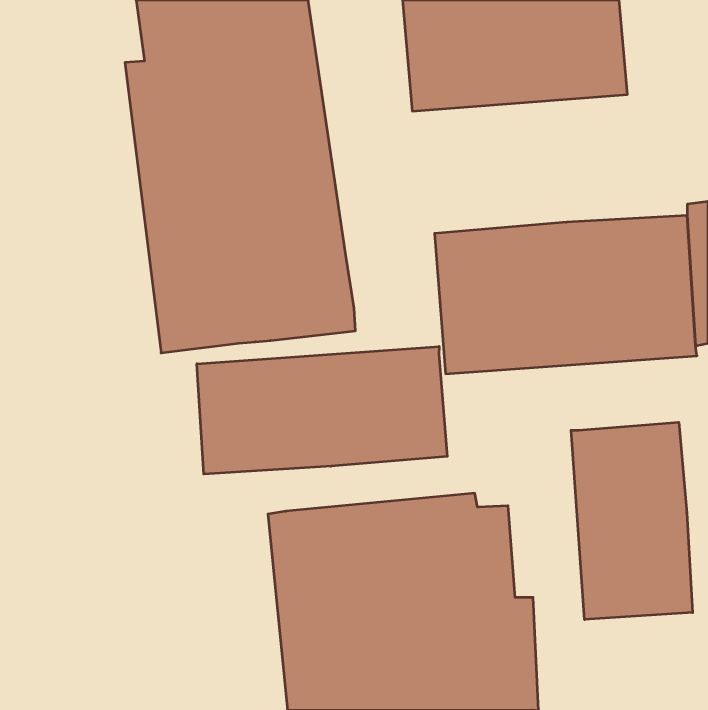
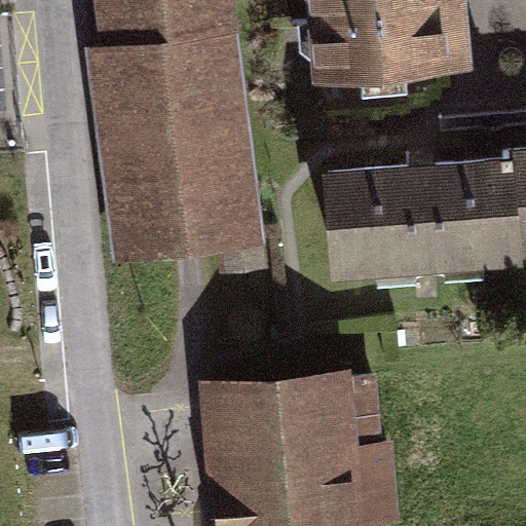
building: [197,346,447,474] -> none
building: [571,422,693,620] -> none

